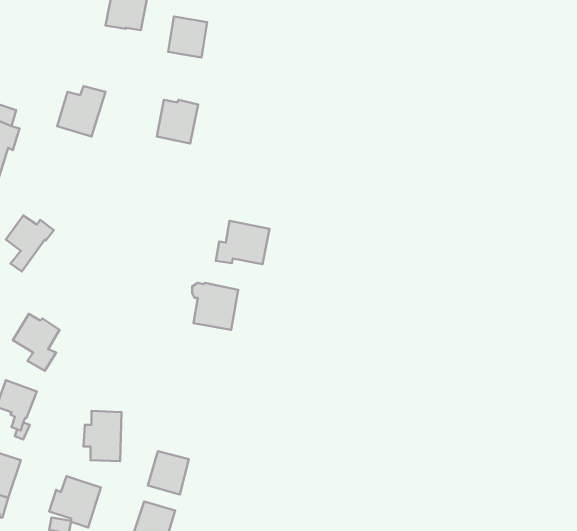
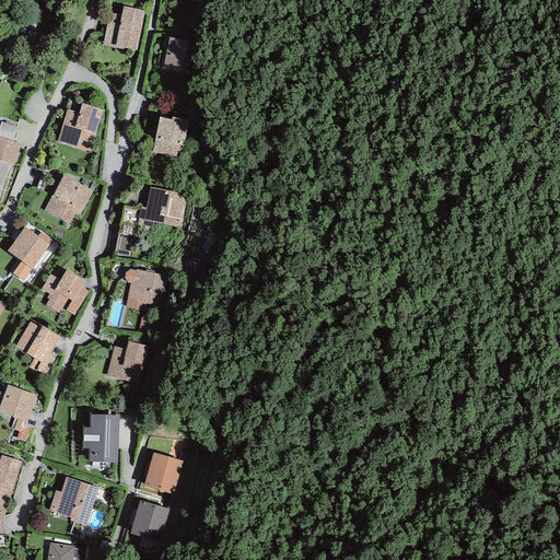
building: none -> [44,174,93,222]
building: [216,221,269,264] -> [137,186,188,228]
building: none -> [42,269,89,315]
building: [192,283,238,330] -> [125,268,168,313]
building: none -> [106,340,149,381]

